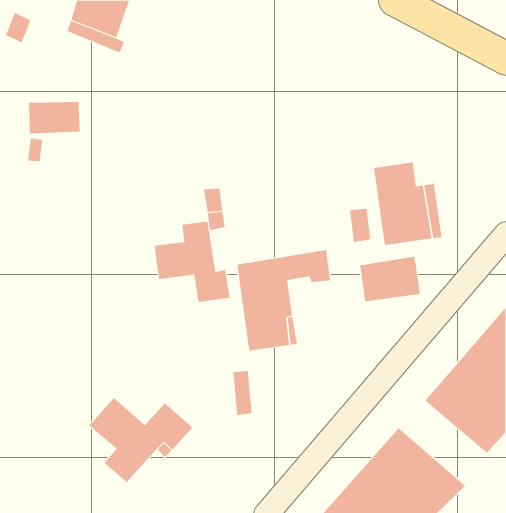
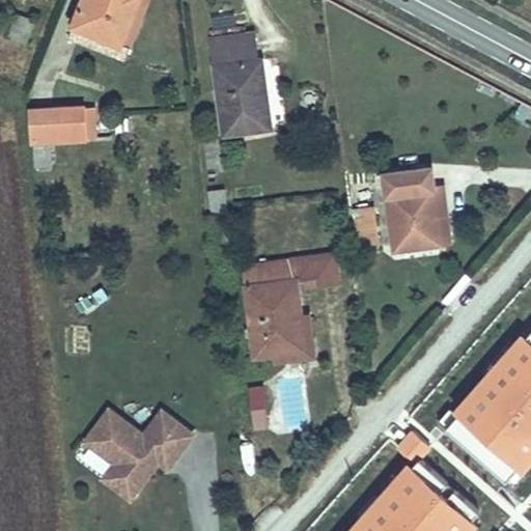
building: none -> [215,37,274,138]
building: [154,221,230,303] -> none
building: [359,256,420,302] -> none

